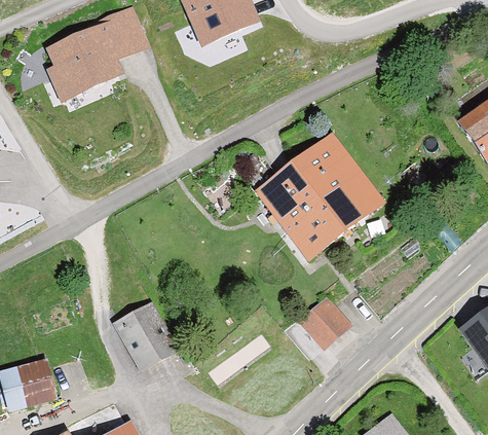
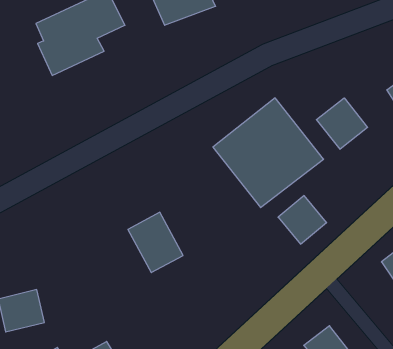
building: none -> [316,98,368,149]
building: [297,293,354,351] -> [278,196,327,244]
building: [114,302,180,374] -> [128,212,183,273]

